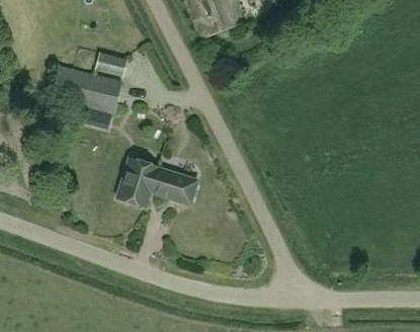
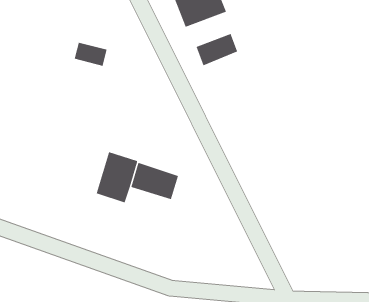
building: none -> [196,33,238,66]
building: [53,66,123,112] -> none

